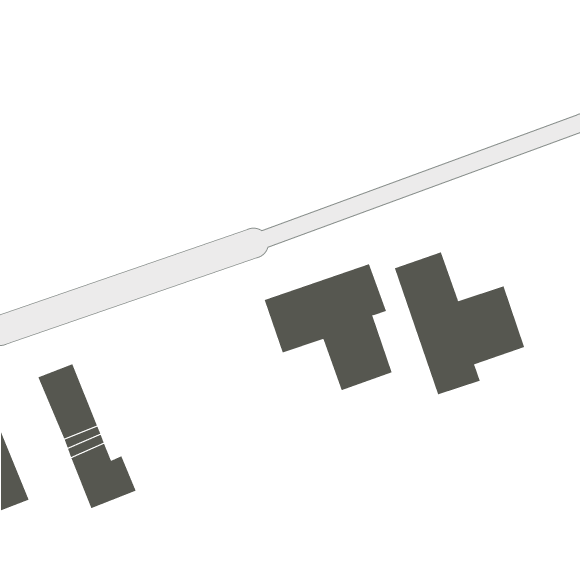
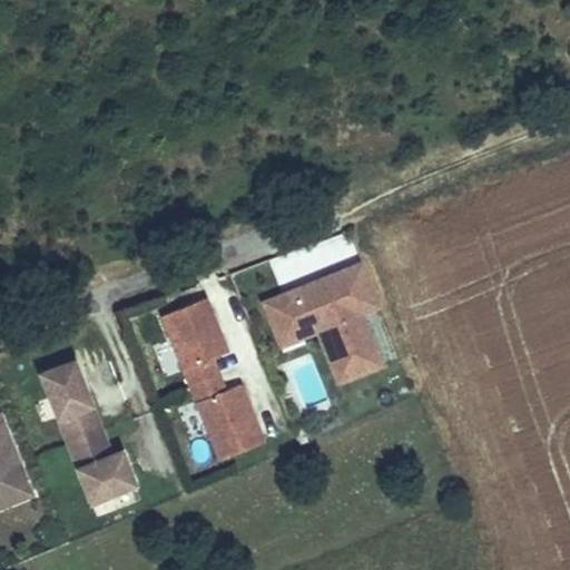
building: [394,251,525,395] -> none
building: none -> [165,297,265,462]

